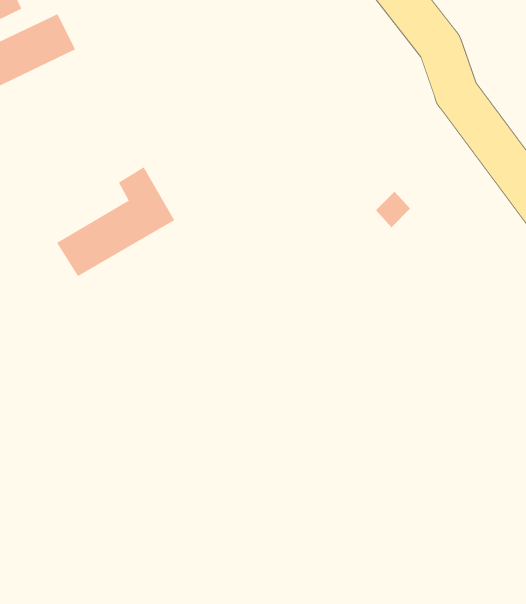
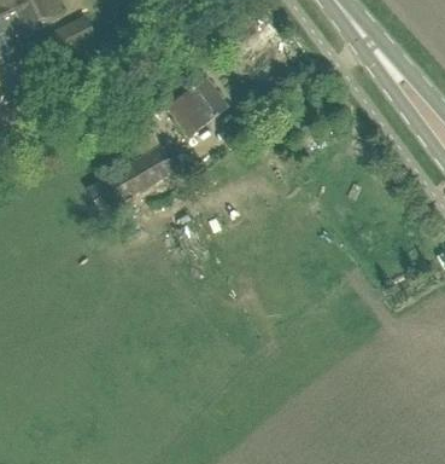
building: none -> [172,75,229,132]

